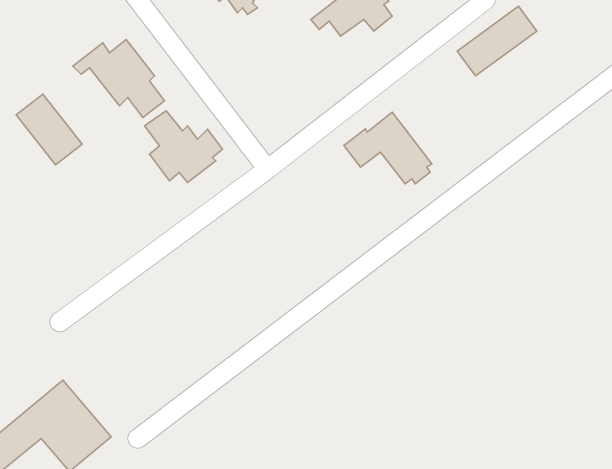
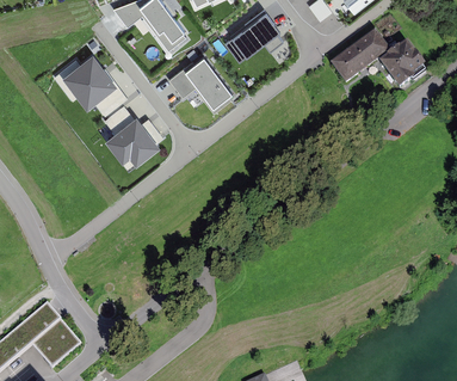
building: none -> [379,42,424,87]
building: [16,94,82,165] -> none
building: [344,112,432,184] -> [167,55,230,106]

